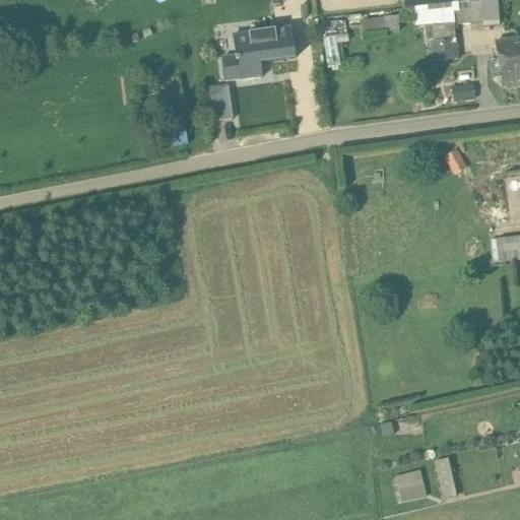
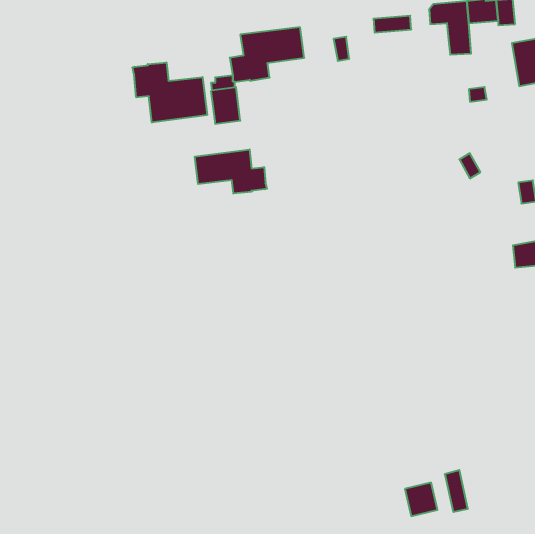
building: none -> [133,62,207,123]
building: none -> [195,149,267,194]

